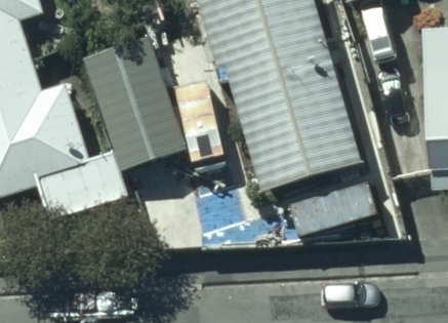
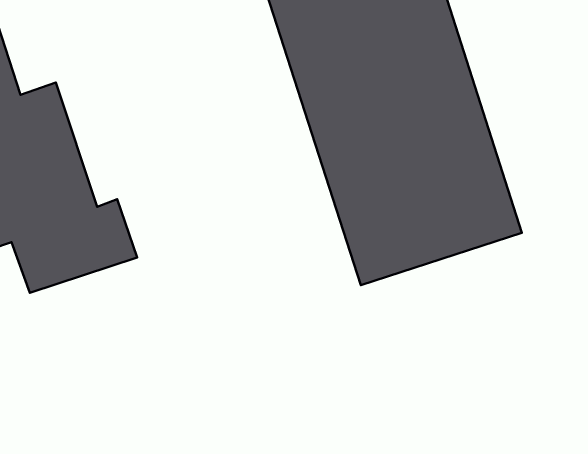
building: [77,33,179,163] -> none

